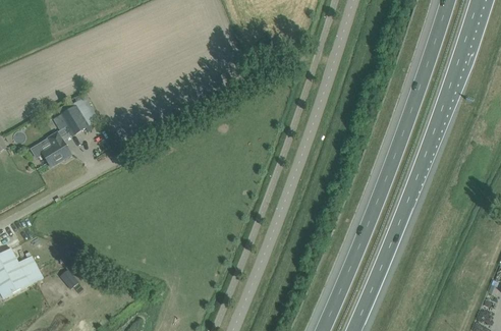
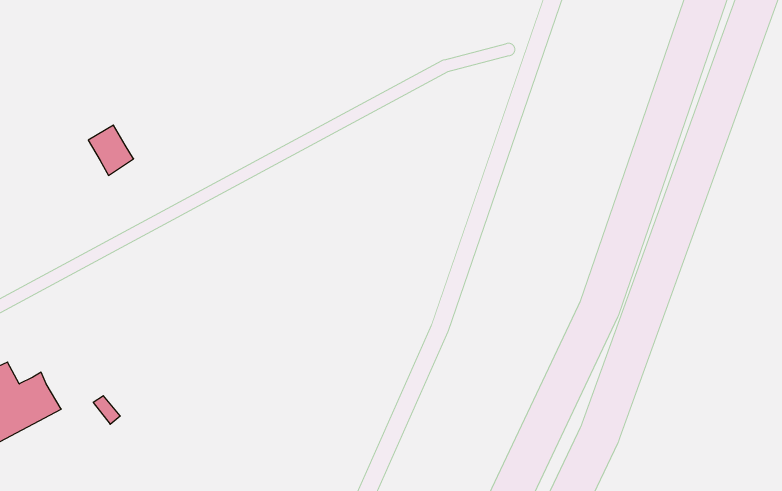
building: [36,132,70,166] -> none

